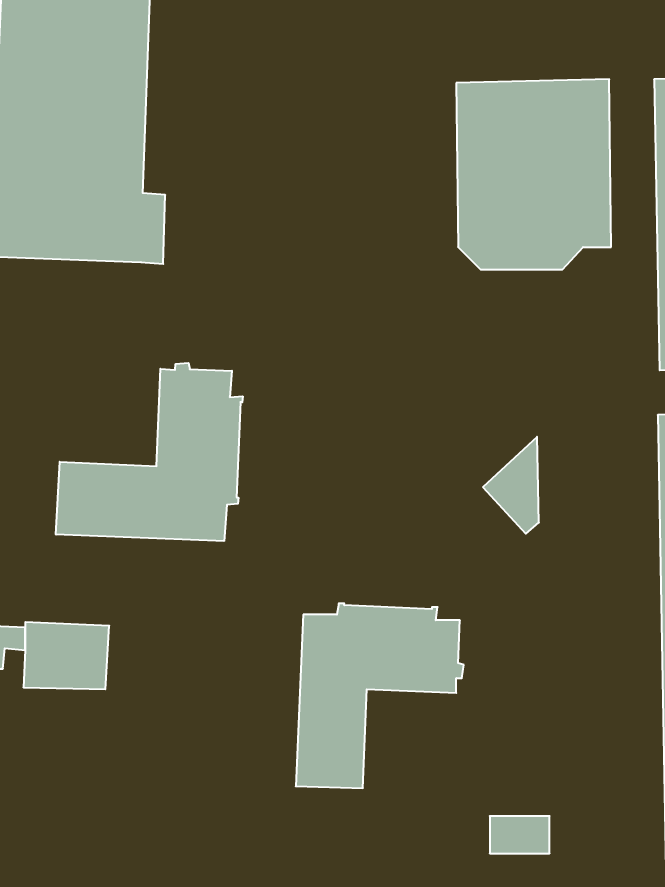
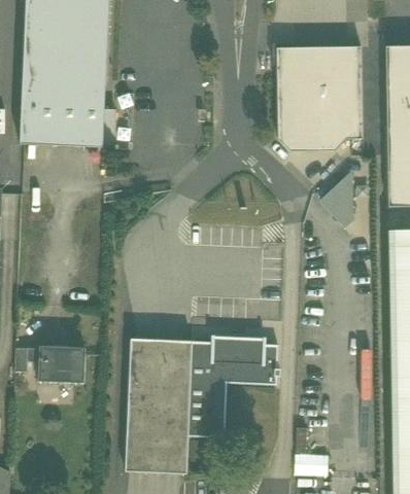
building: [56,363,243,541] -> none
building: [483,437,539,534] -> [321,172,352,225]
building: none -> [126,338,193,473]

